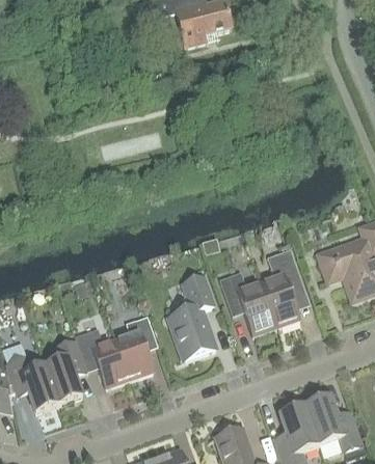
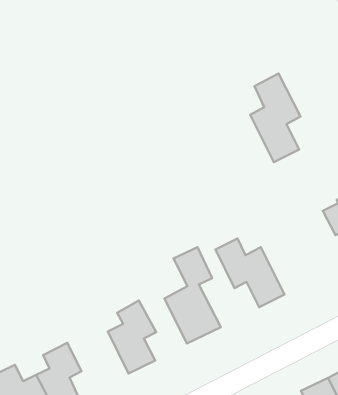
building: [260,247,304,325] -> [250,74,301,162]
building: [75,331,128,385] -> none

